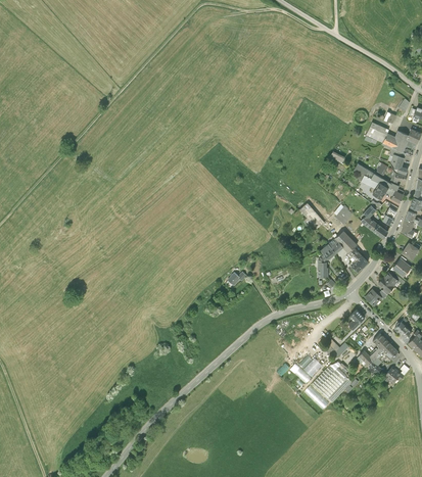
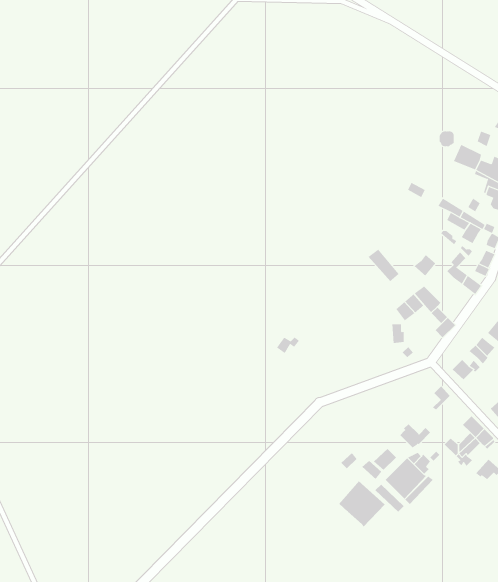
building: none -> [339,481,385,528]

